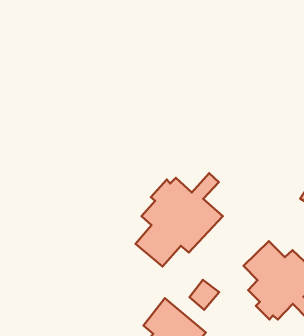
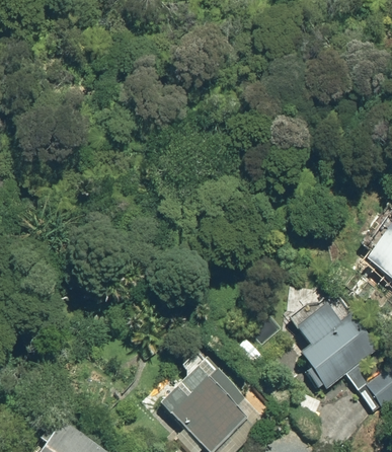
building: [135,173,223,267] -> none

